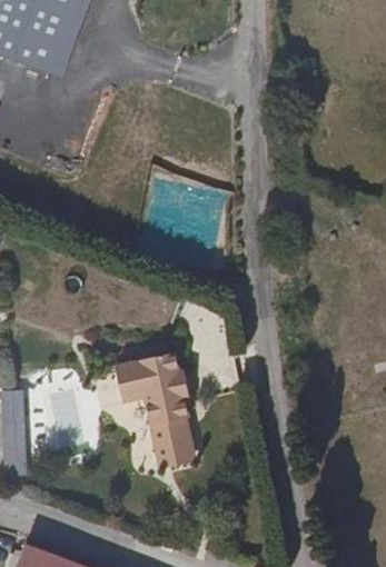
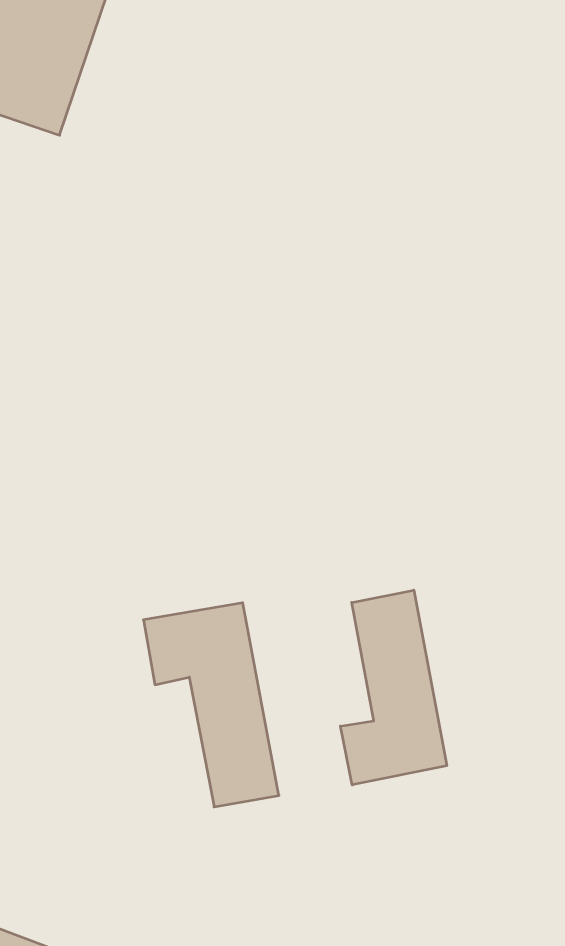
building: none -> [340,590,447,785]

